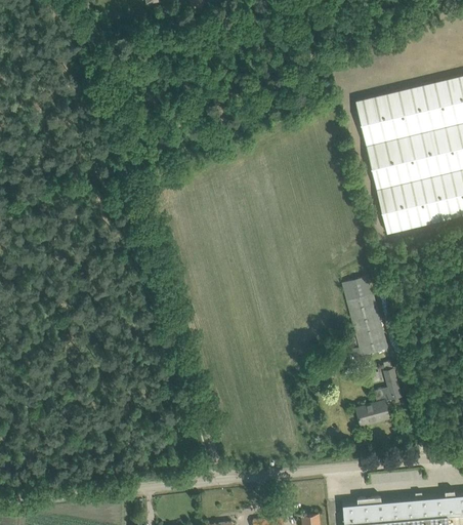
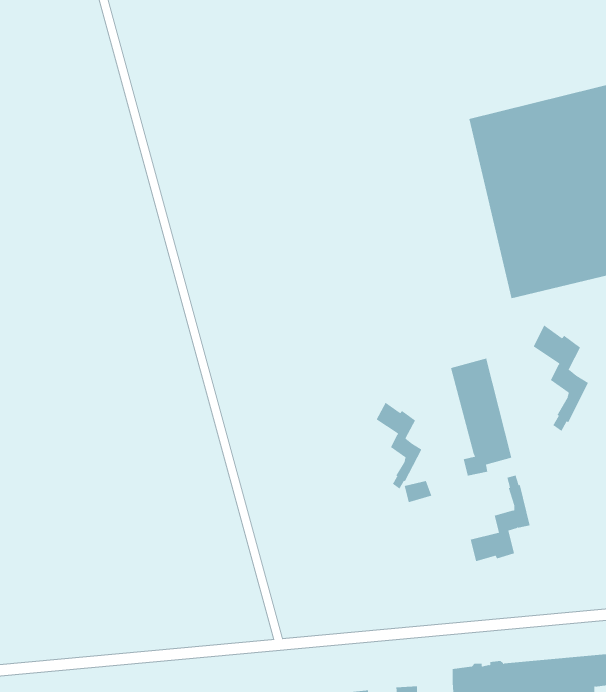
building: none -> [533,325,589,432]
building: none -> [376,402,422,489]

